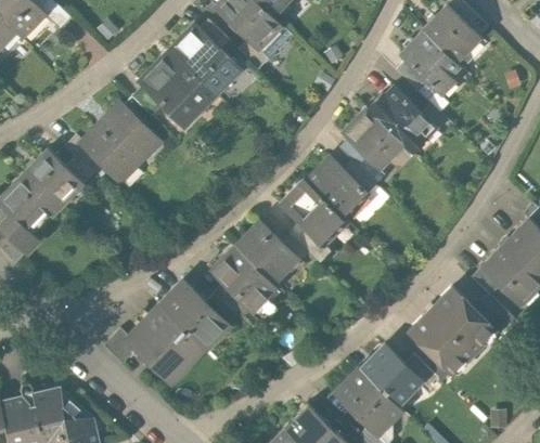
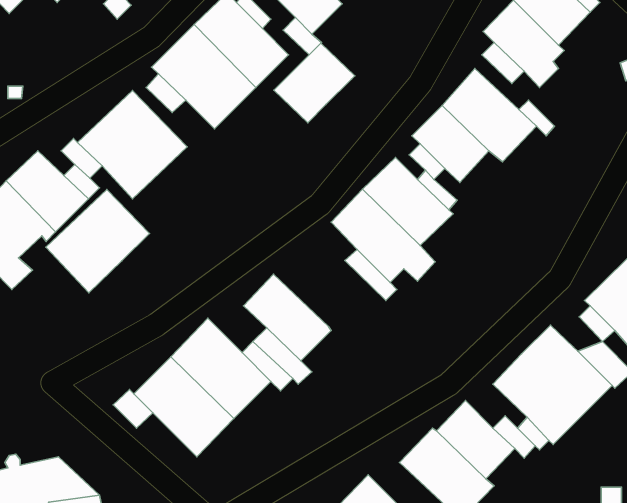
building: none -> [274,43,355,123]
building: none -> [46,190,150,293]
building: [232,218,300,285] -> none

